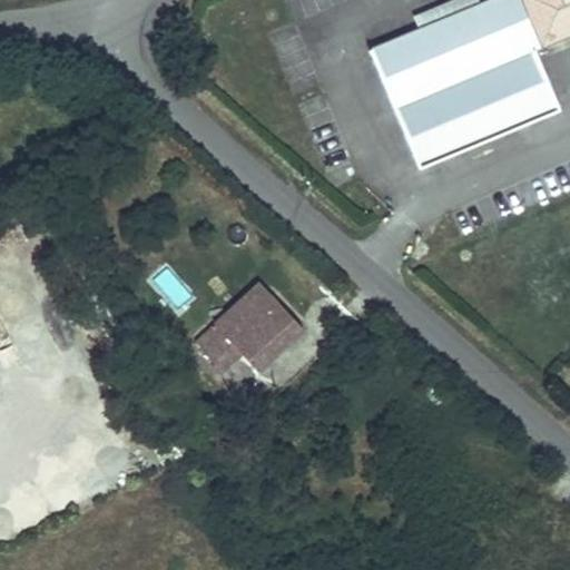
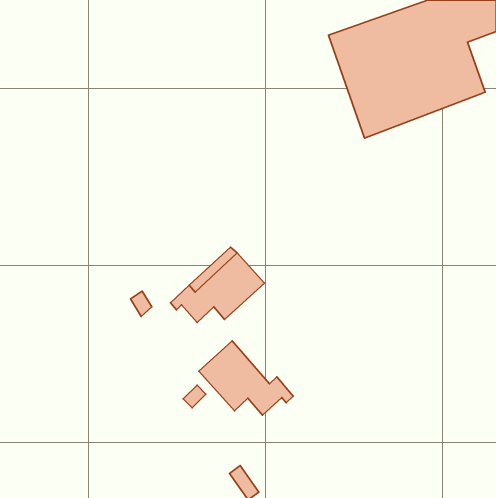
building: none -> [199,341,293,415]

